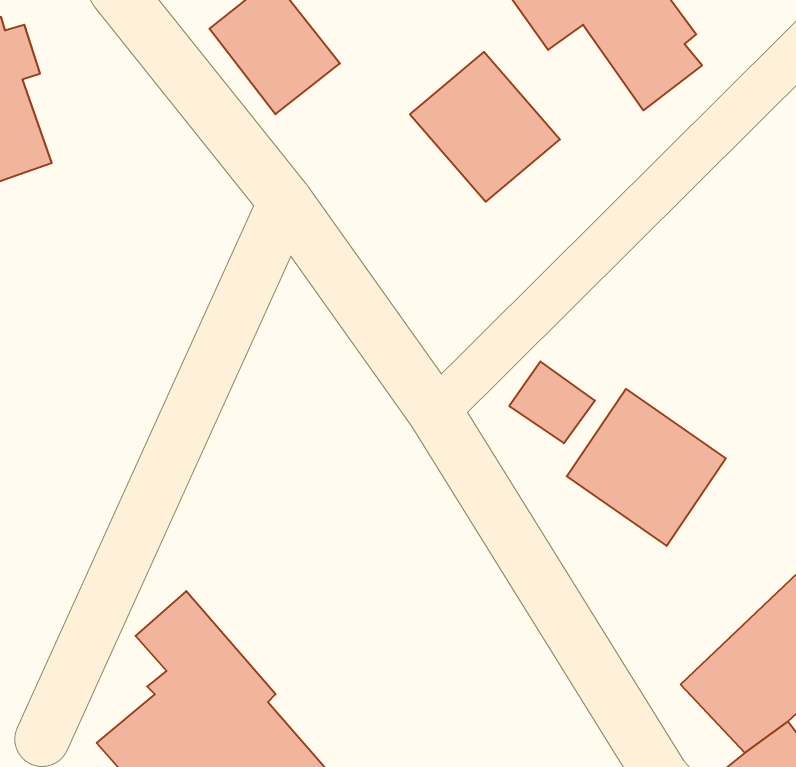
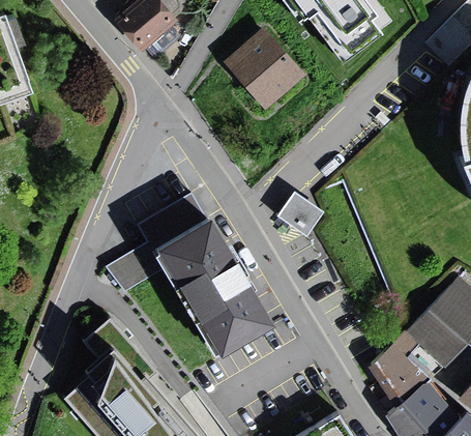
building: none -> [105,197,283,354]
building: [567,389,726,546] -> none

